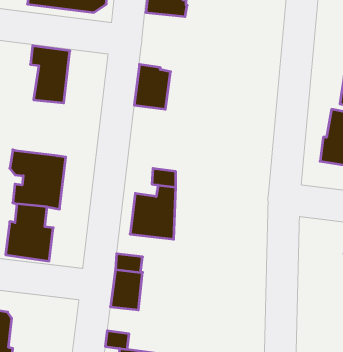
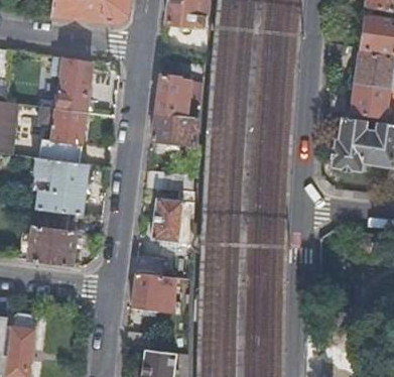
building: none -> [37,106,86,162]
building: none -> [150,113,196,146]

